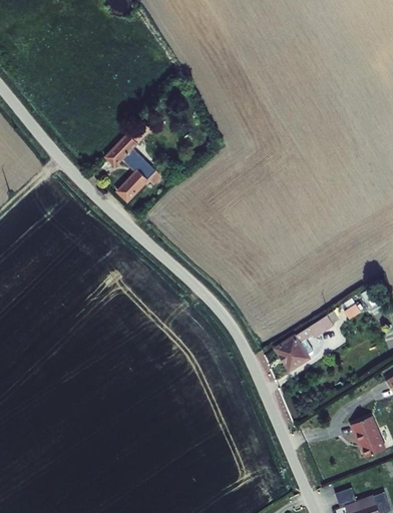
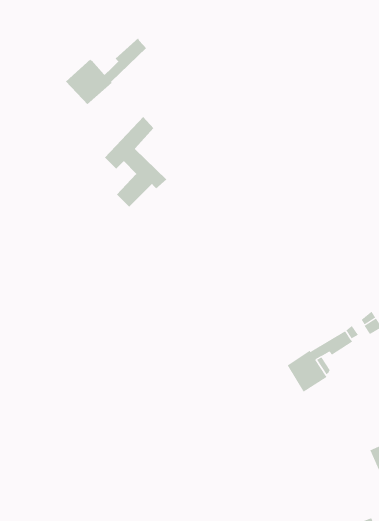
building: none -> [65,38,147,105]

